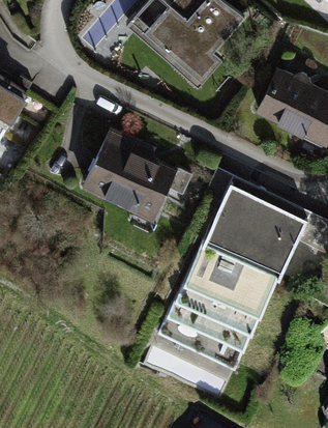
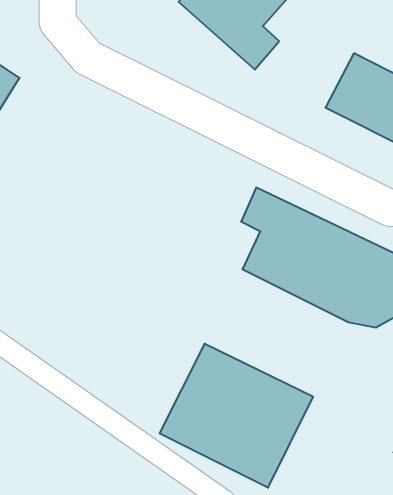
building: [88,133,182,213] -> none
building: [168,237,277,335] -> none

